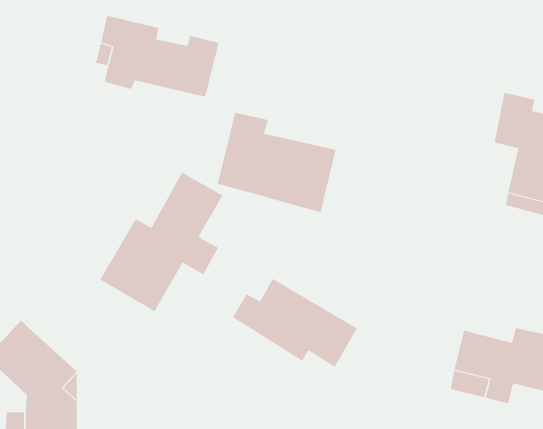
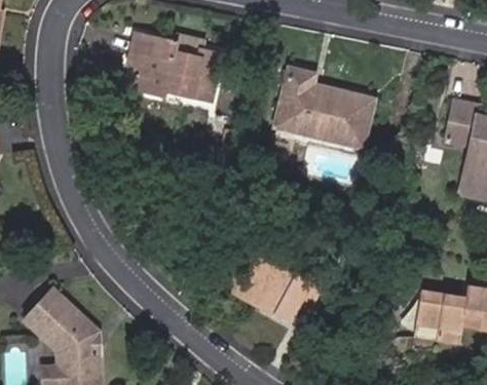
building: [217,112,336,213] -> [269,68,367,150]
building: [99,172,223,312] -> none

